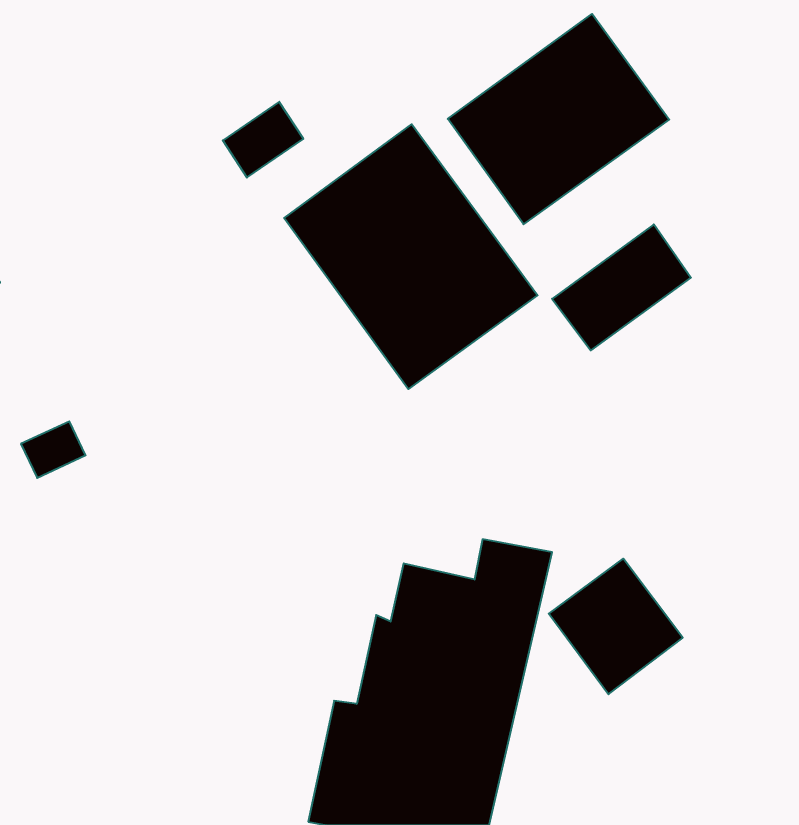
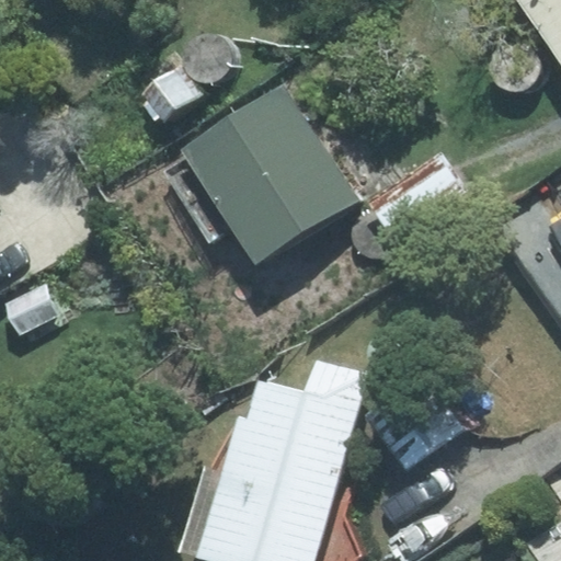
building: [448,14,669,224] -> none

